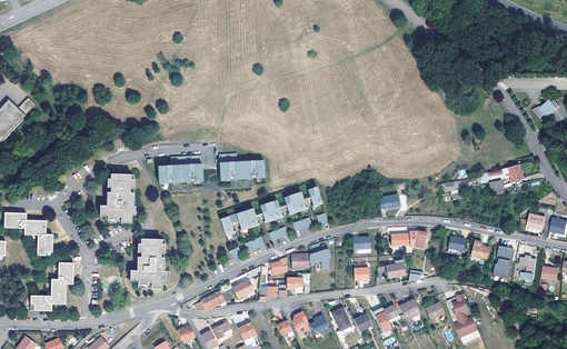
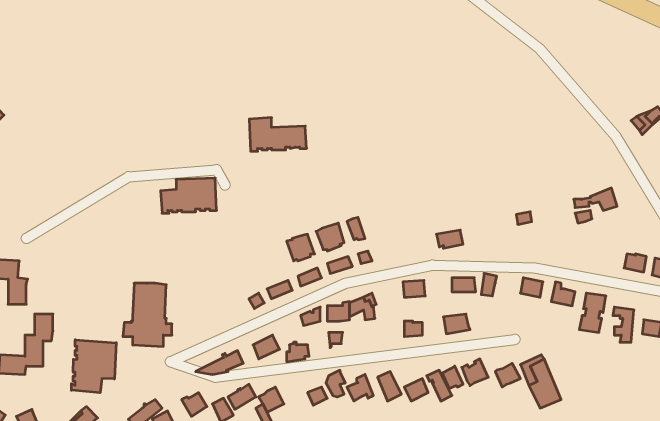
building: [219,152,265,179] -> [249,118,307,151]
building: [100,173,139,222] -> none
building: [220,207,258,235] -> none
building: none -> [71,340,116,393]

